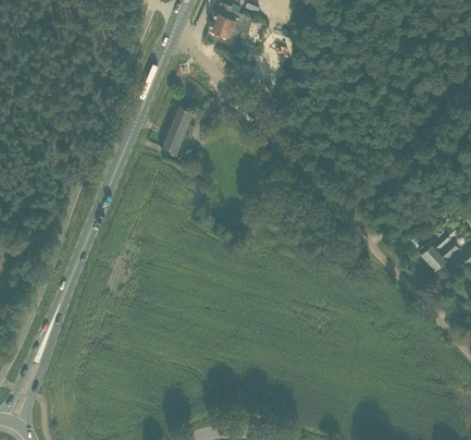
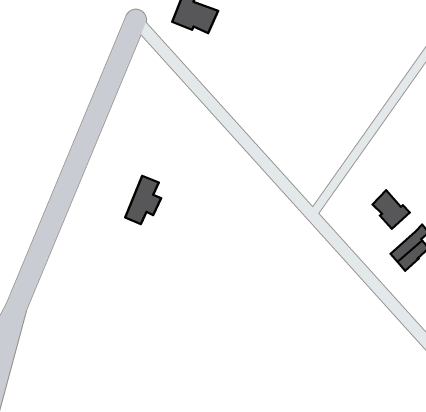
building: [159,106,194,152] -> [125,176,161,224]
building: none -> [372,190,410,229]

